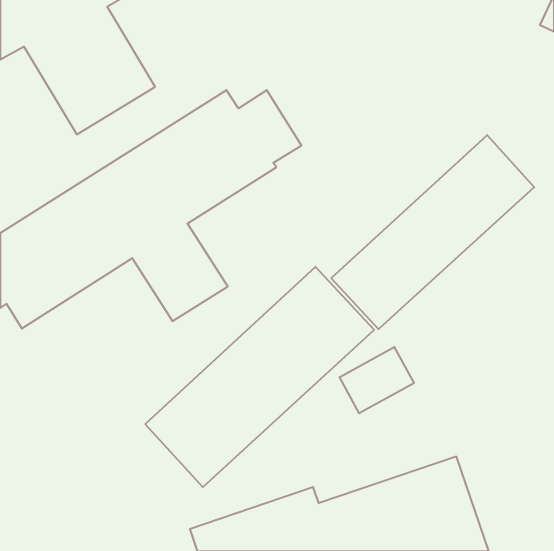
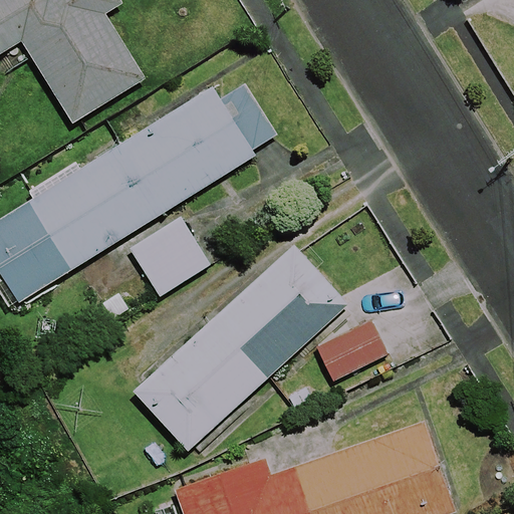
building: [331,135,534,329] -> none

